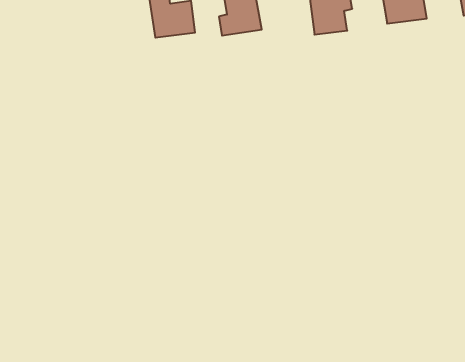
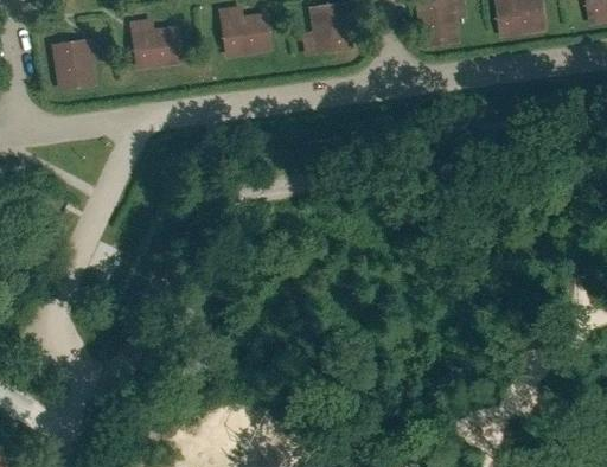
building: none -> [130,19,185,70]
building: none -> [52,34,103,87]

